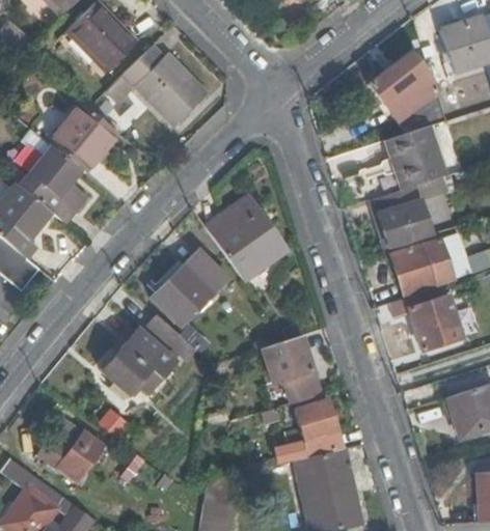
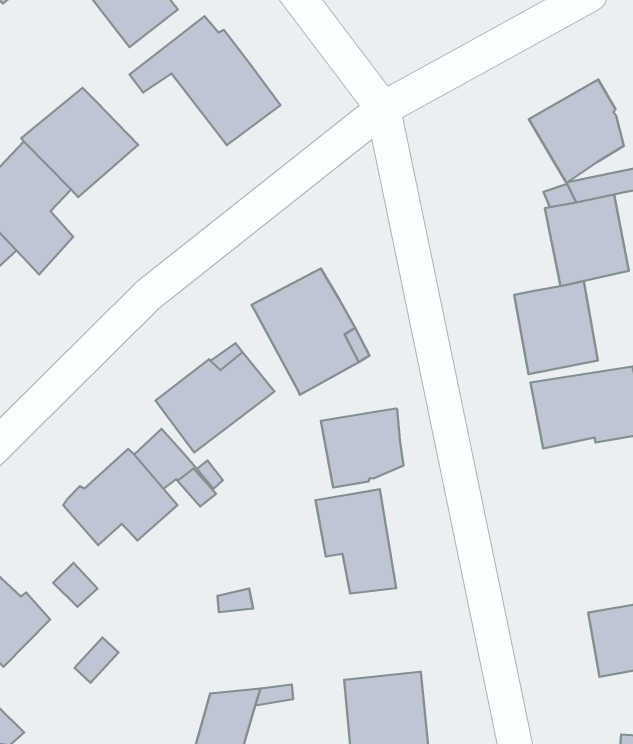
building: none -> [321,408,403,487]
building: [390,287,460,350] -> none
building: [279,400,344,464] -> none

